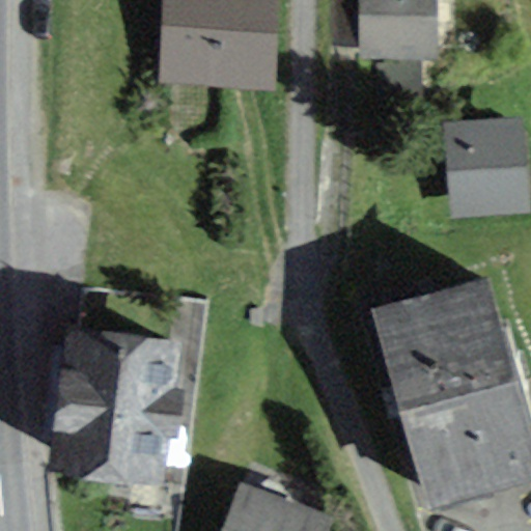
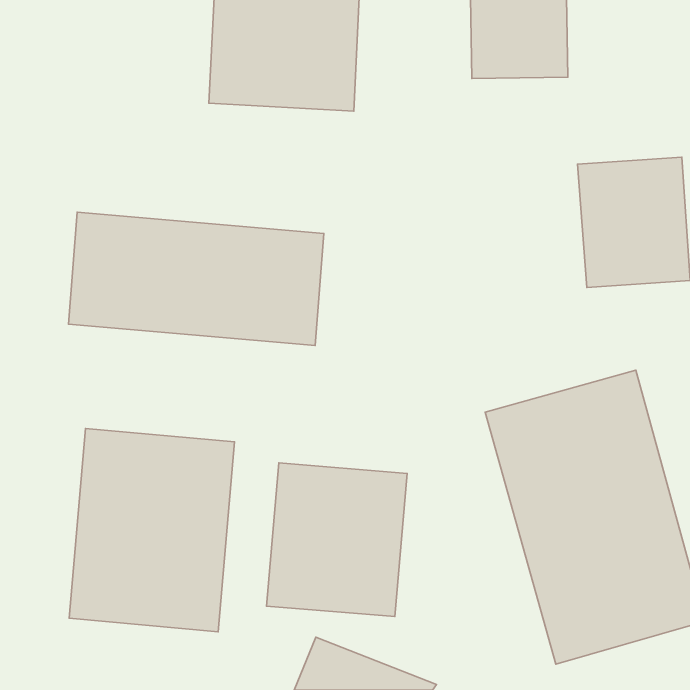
building: none -> [69,212,324,345]
building: none -> [267,463,407,617]

